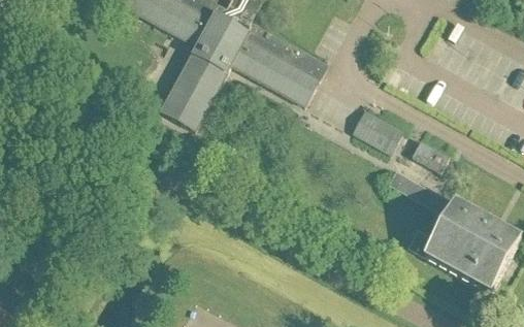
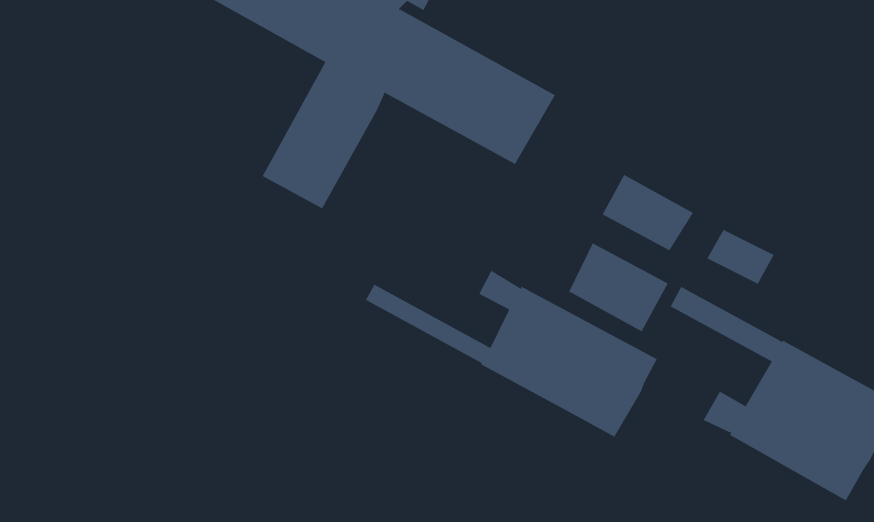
building: none -> [569,242,669,332]
building: none -> [365,270,658,438]

